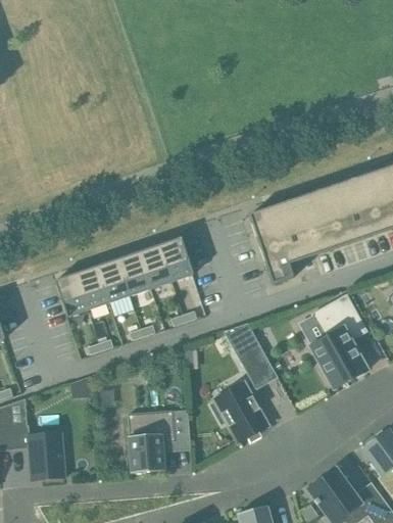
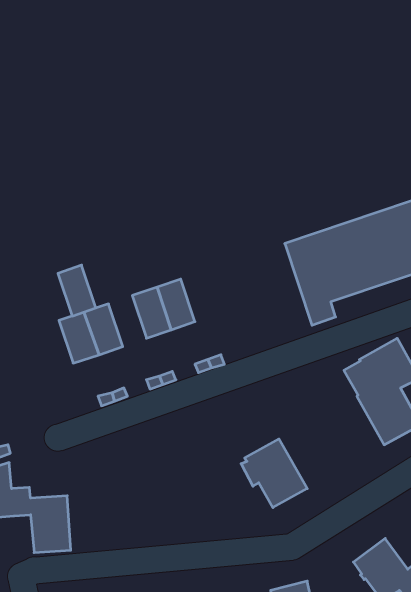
building: [159,237,194,281] -> none
building: [97,258,130,302] -> [58,265,96,316]
building: [226,322,278,387] -> none
building: [127,409,190,473] -> none

